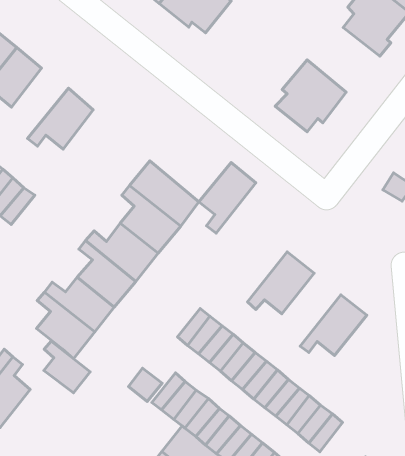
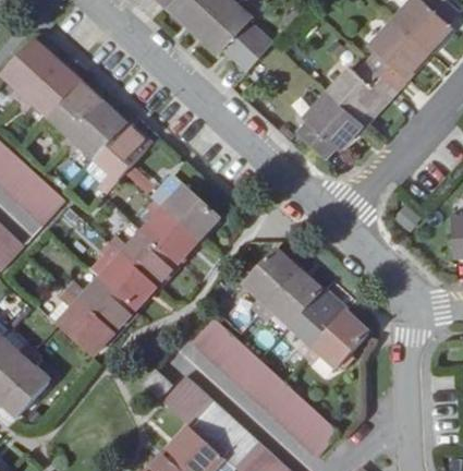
building: none -> [329,62,398,123]
building: none -> [49,82,103,147]
building: none -> [95,124,150,190]
building: [199,162,256,233] -> [244,249,298,314]
building: none -> [290,291,346,359]
building: [44,341,90,393] -> none

